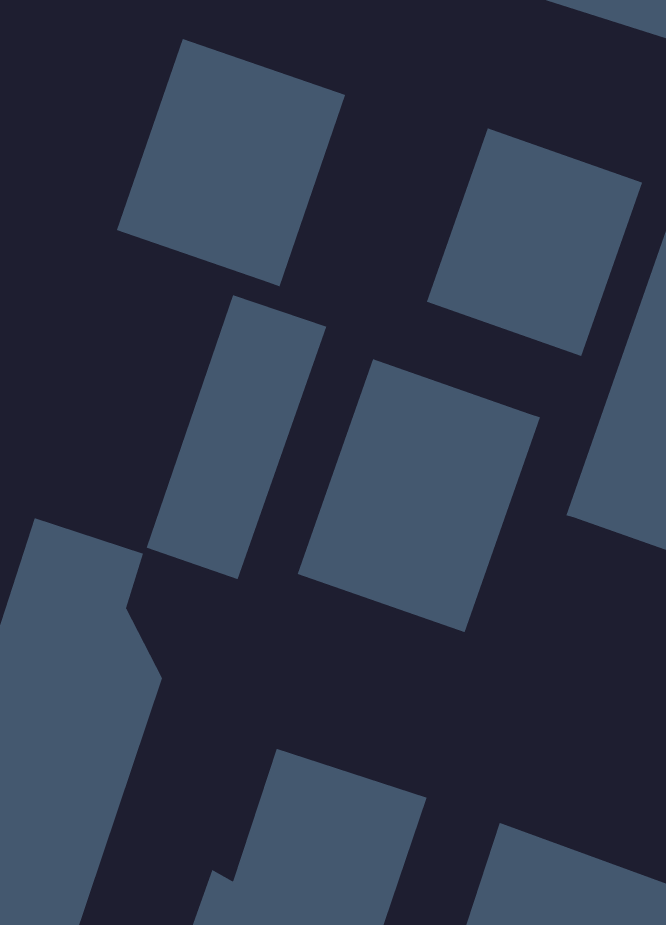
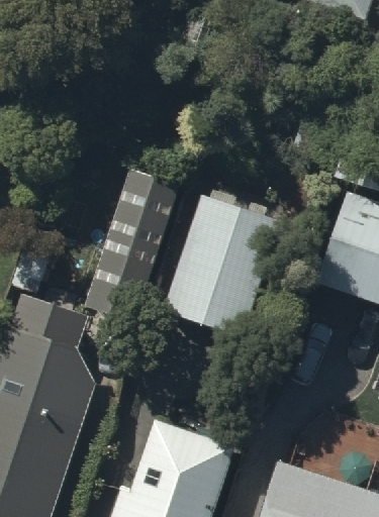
building: [116,38,346,287] -> none
building: [426,127,643,357] -> none

